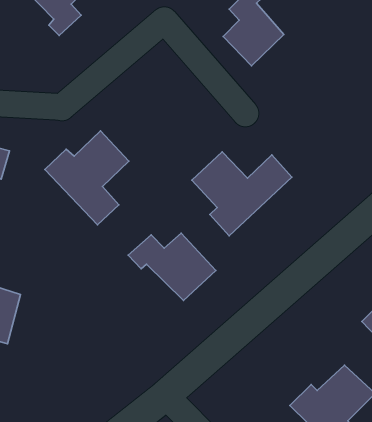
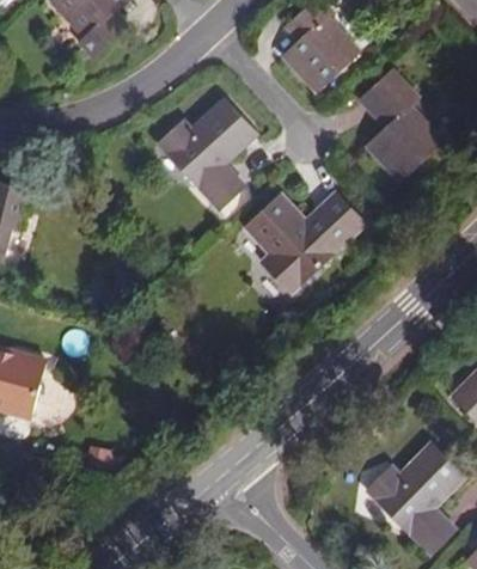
building: none -> [361,68,441,178]
building: [45,131,129,225] -> [159,98,258,209]
building: [128,233,216,301] -> none

